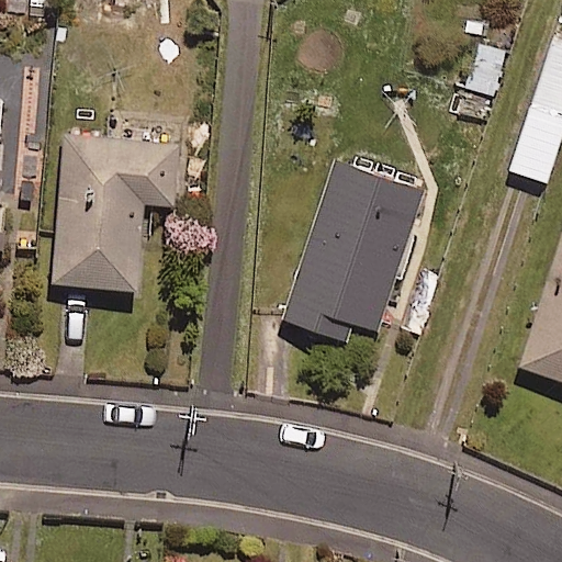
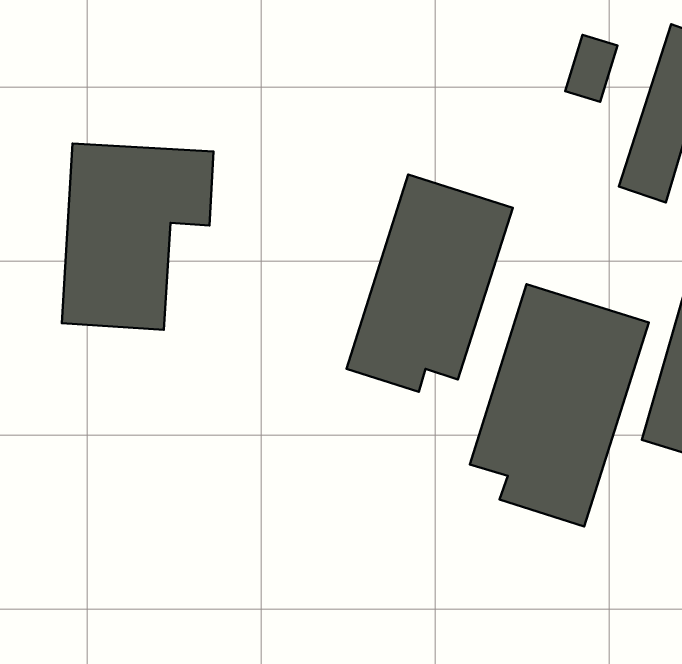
building: none -> [470,284,649,526]

